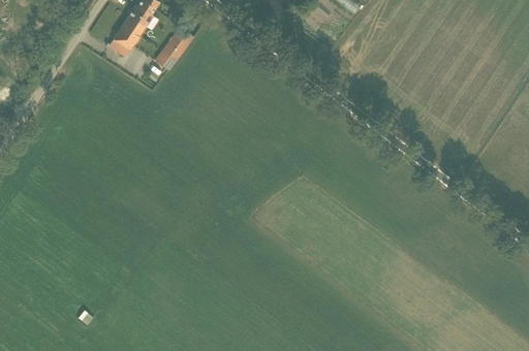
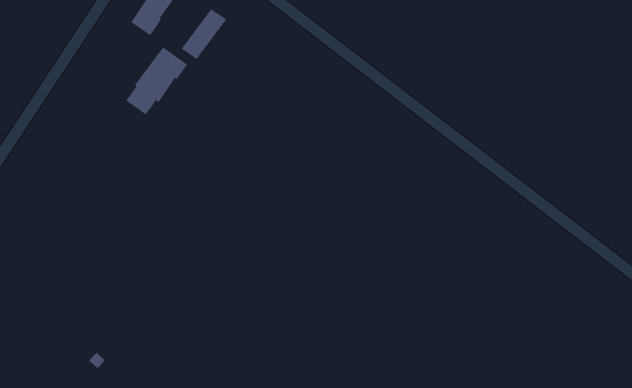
building: none -> [125,47,188,115]

